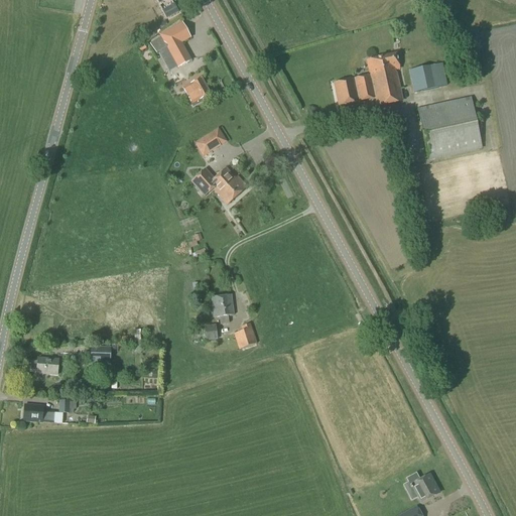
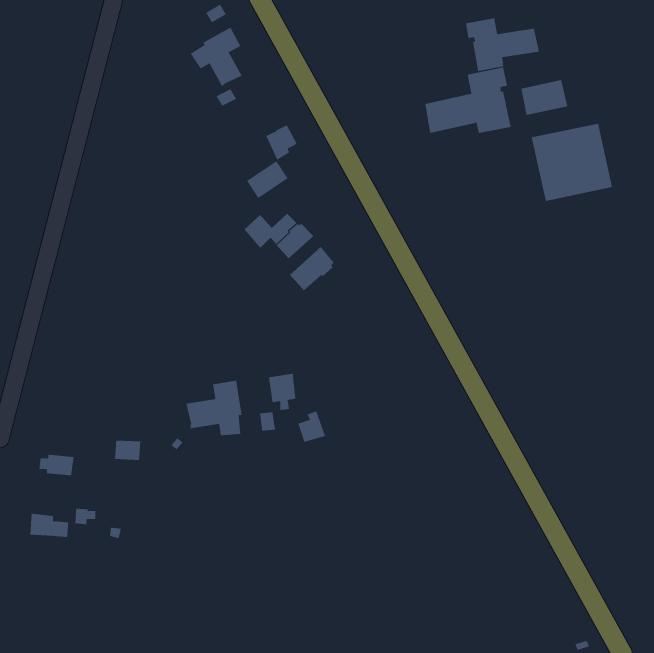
building: none -> [465,17,539,72]
building: [184,78,210,106] -> [265,124,298,160]
building: none -> [289,246,334,291]
building: none -> [186,380,242,436]
building: [408,472,439,501] -> none

